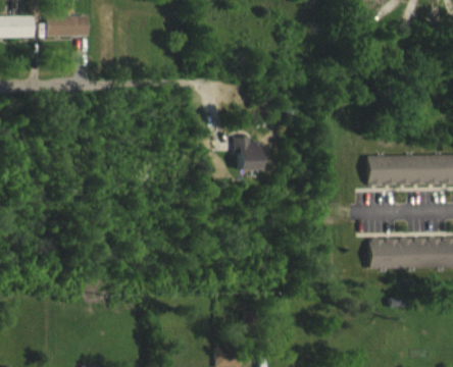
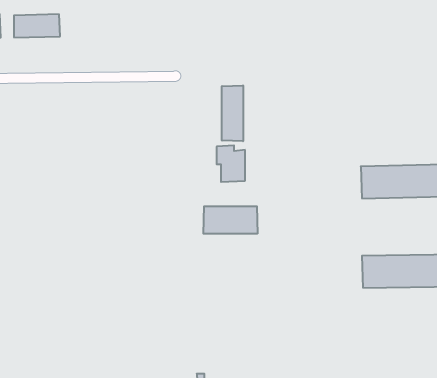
building: none -> [222,85,243,141]
building: none -> [203,206,257,234]

